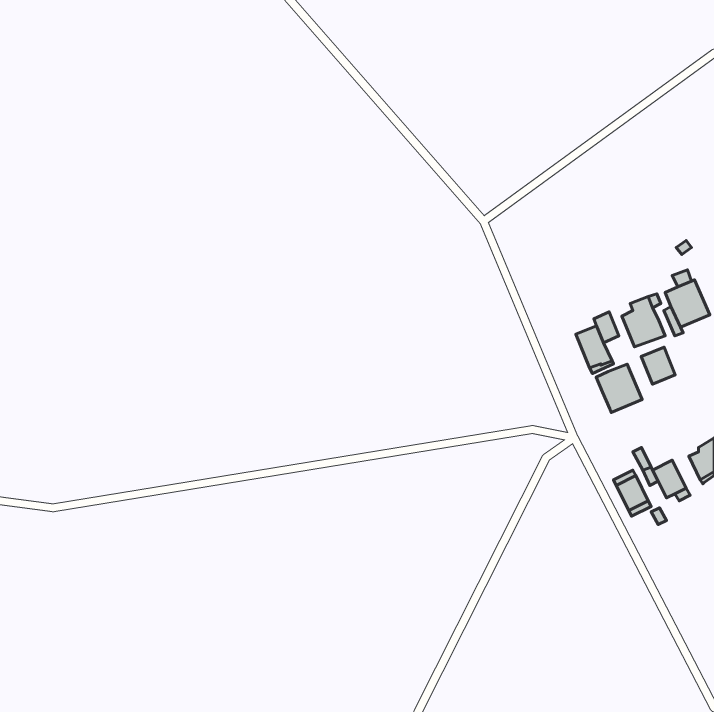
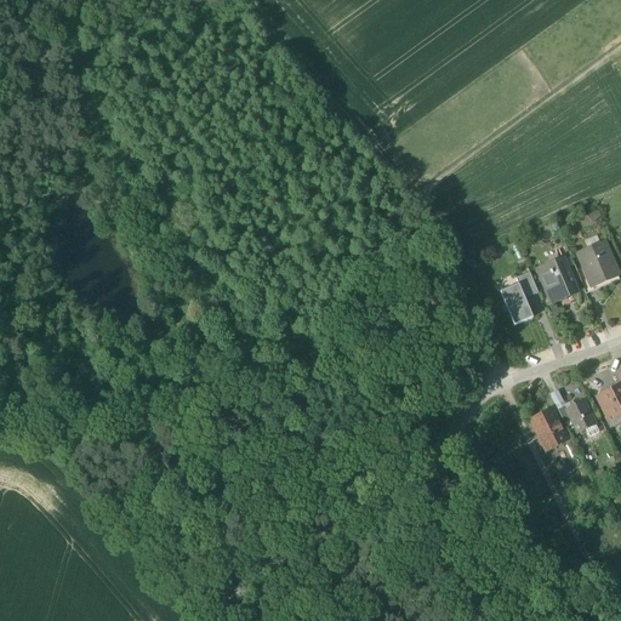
building: [641,347,675,384] -> none
building: [596,364,642,412] -> none

